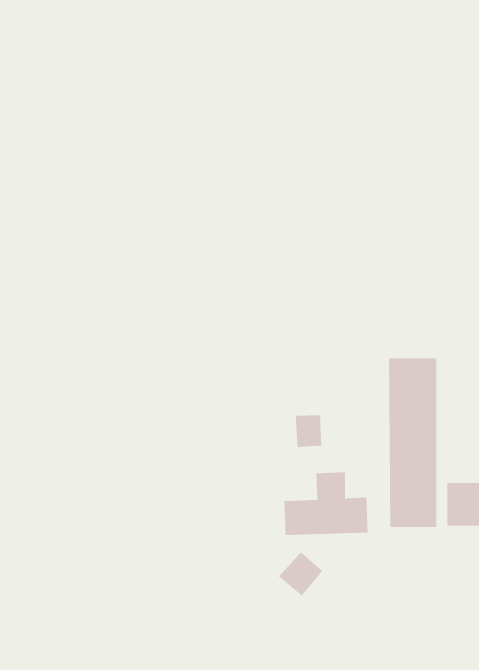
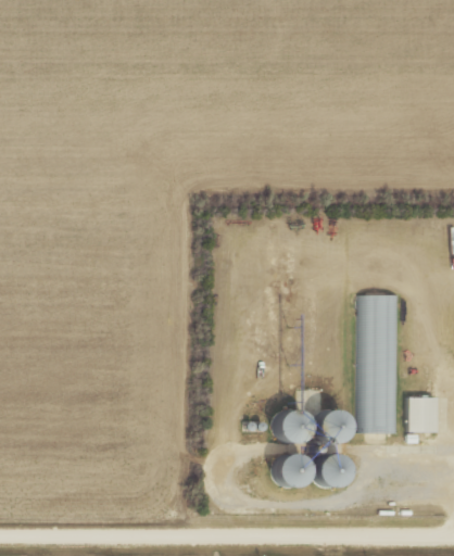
building: [295,414,322,448] -> none
building: none -> [312,456,343,489]

